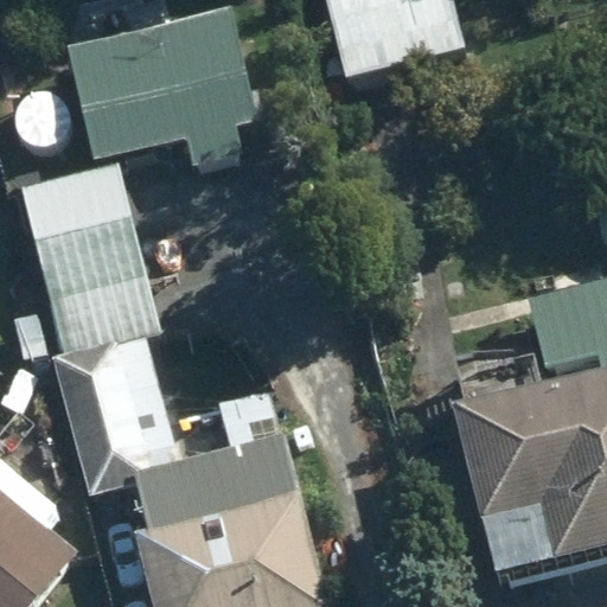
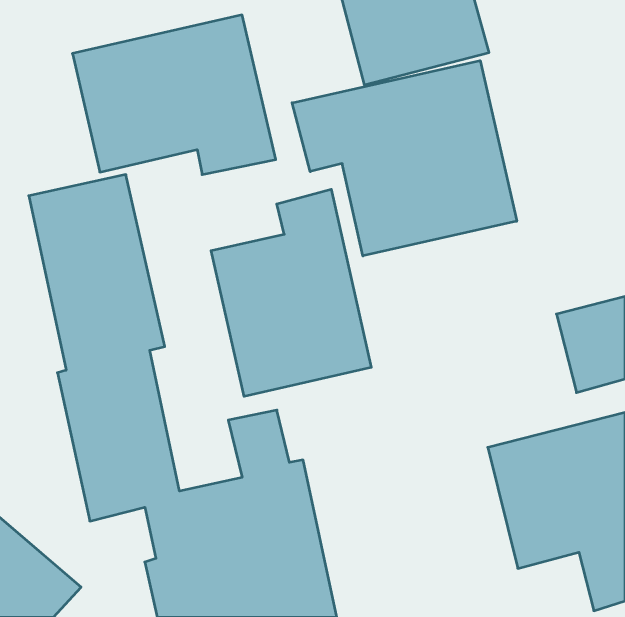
building: none -> [292,61,517,256]
building: none -> [211,189,371,396]

